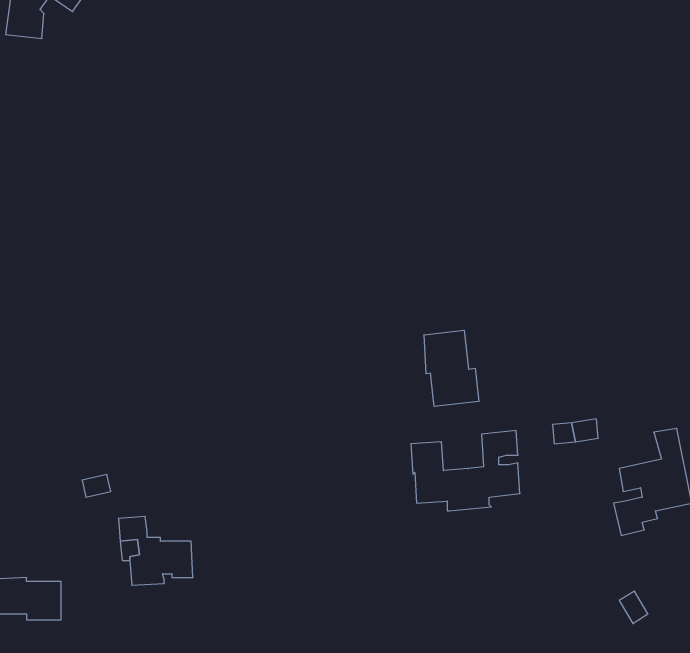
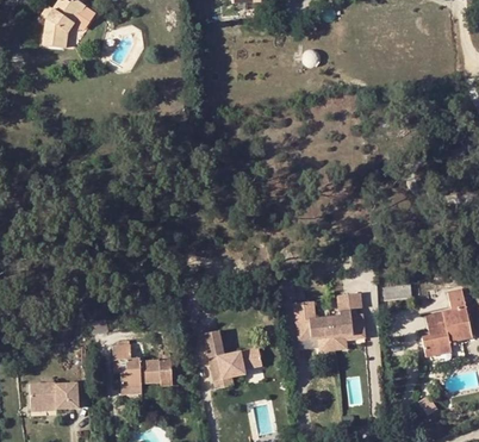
building: [424,330,479,406] -> none
building: none -> [204,331,261,388]

